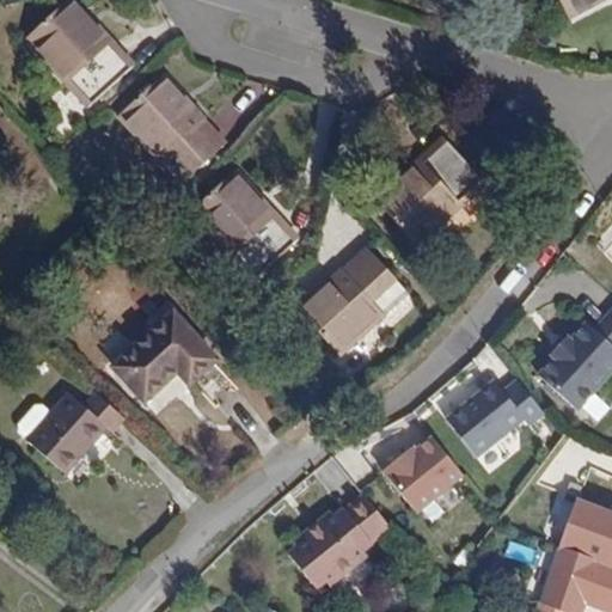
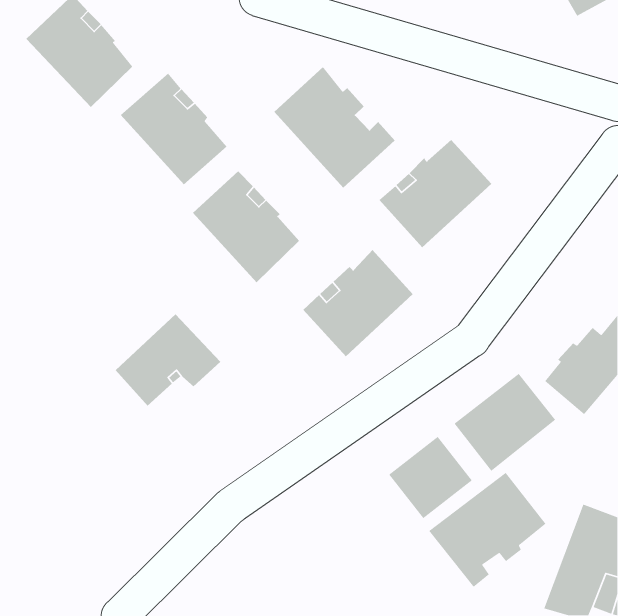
building: none -> [273,66,396,188]
building: [27,391,126,472] -> none
building: none -> [428,472,547,588]
building: [286,494,386,589] -> none

